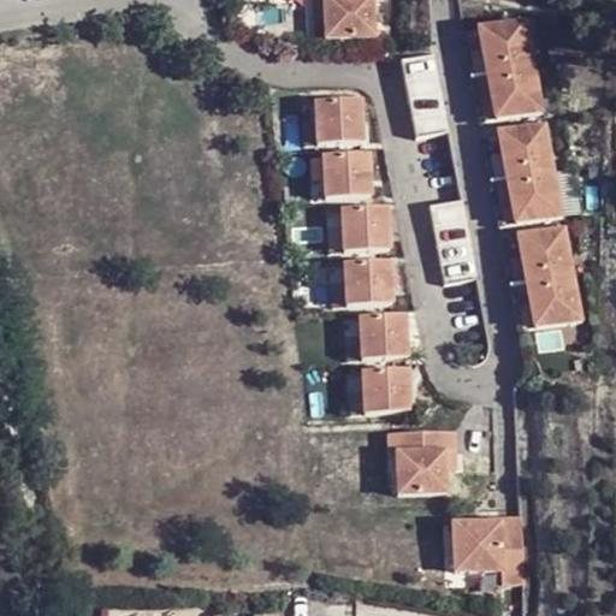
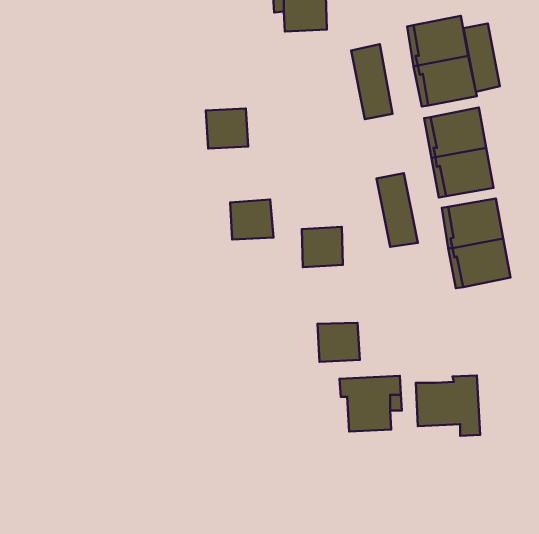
building: none -> [463,23,500,92]
building: [314,97,362,143] -> [206,108,248,149]
building: [322,152,369,197] -> none
building: [340,205,390,250] -> [230,199,273,240]
building: [360,313,407,359] -> none
building: [452,511,526,580] -> [416,376,480,436]

